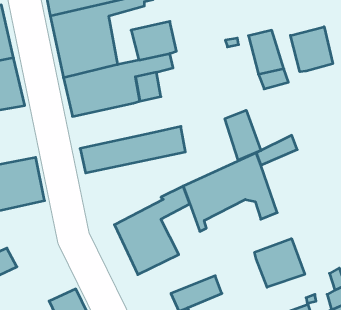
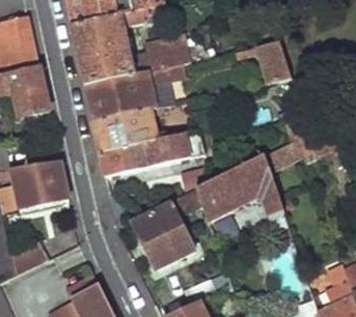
building: [290,27,333,72] -> none
building: none -> [92,108,166,150]
building: [225,110,261,160] -> none
building: [255,239,305,287] -> none

